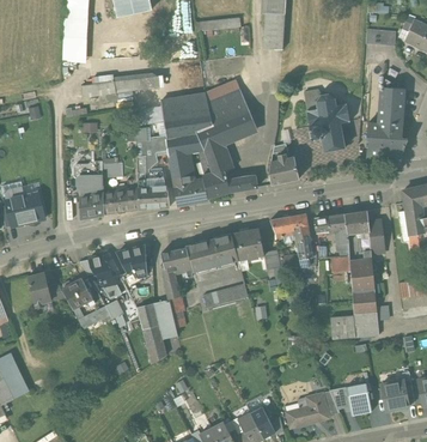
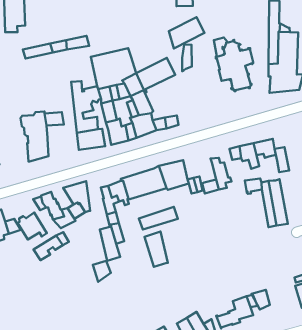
building: [207,89,249,123] -> [169,17,205,48]
building: [269,144,299,184] -> none
building: [103,188,139,214] -> none
building: [270,214,307,237] -> none
building: [138,303,163,344] -> [144,231,168,267]
building: [331,311,378,339] -> none
building: [346,383,372,416] -> none

